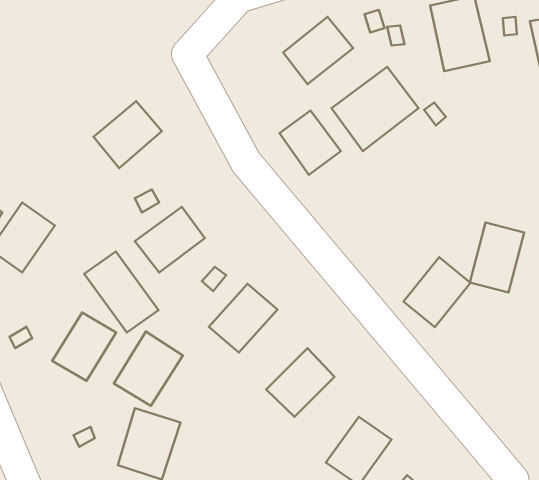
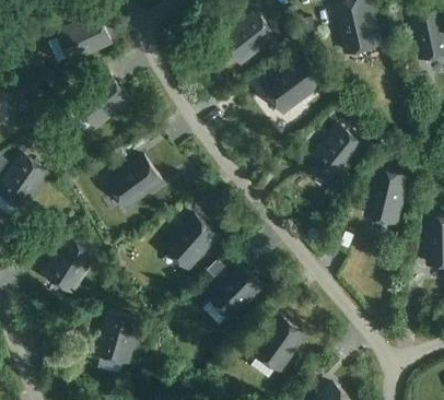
building: none -> [59,16,112,62]
building: [279,110,341,175] -> none
building: [84,252,159,333] -> none
building: [403,257,470,327] -> [314,128,365,181]
building: [114,332,183,406] -> none

